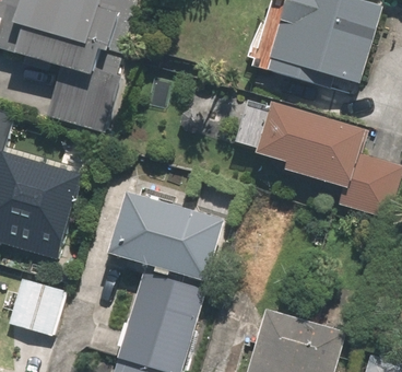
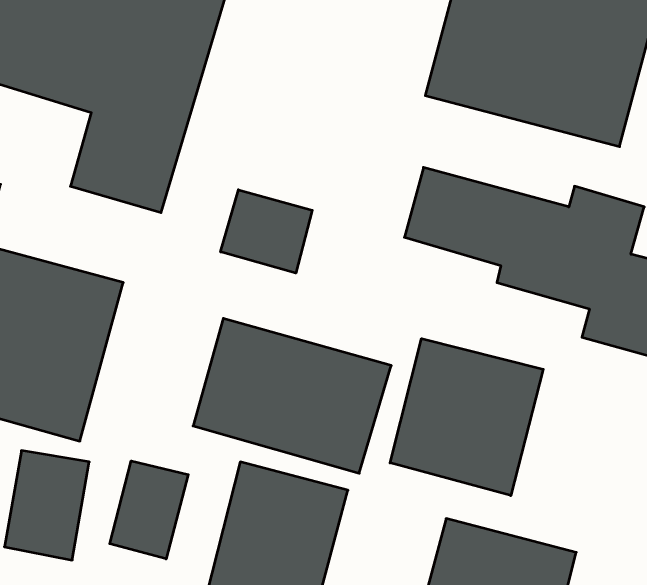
building: none -> [221,190,312,273]
building: none -> [390,339,543,496]
building: none -> [110,461,188,559]

